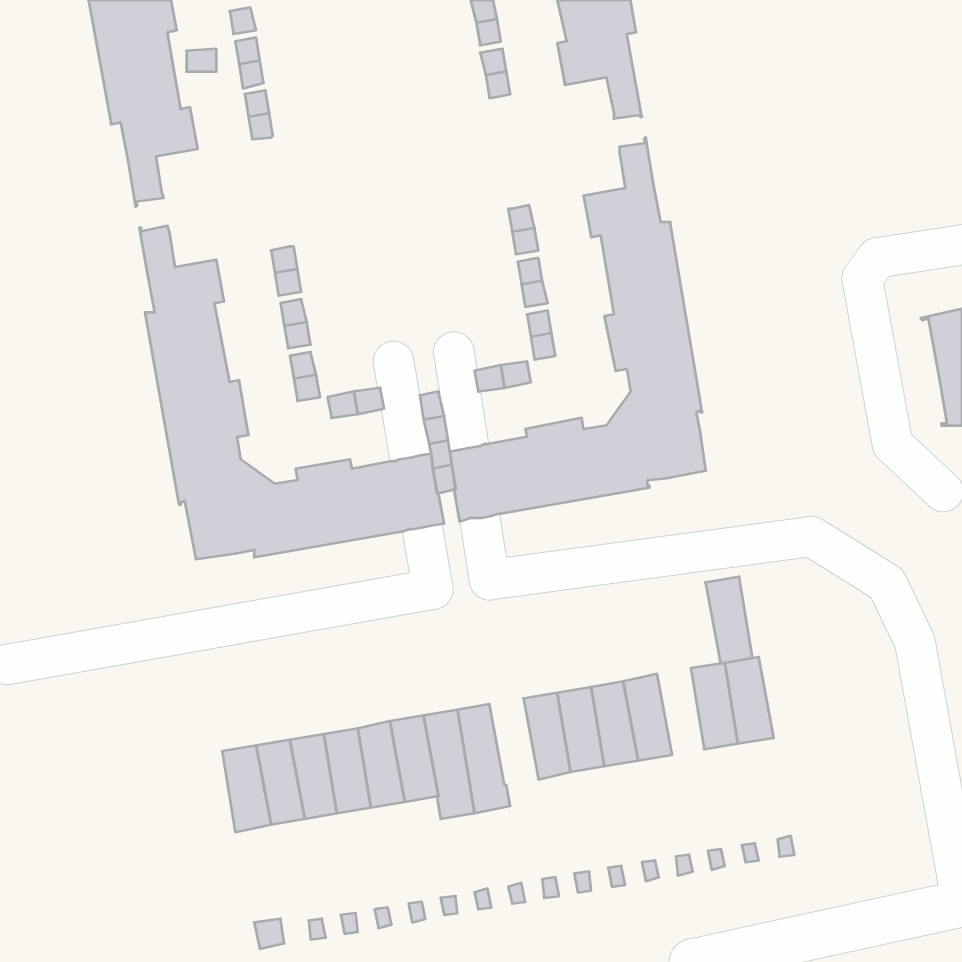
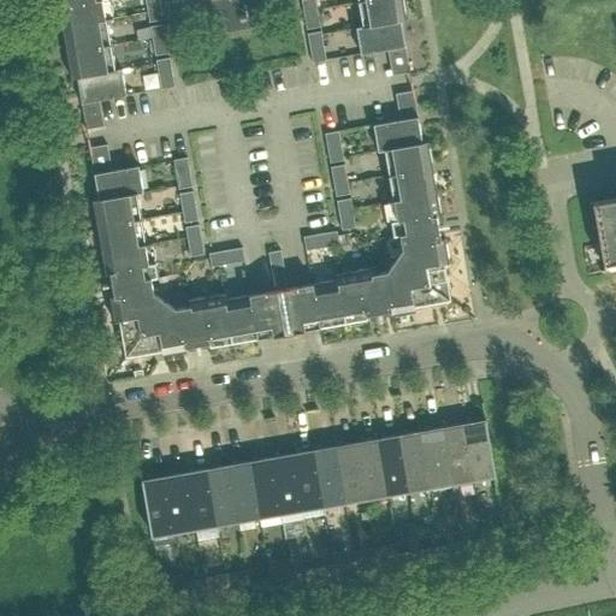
building: [705,577,752,663] -> [420,427,450,482]
building: none -> [313,446,344,502]

